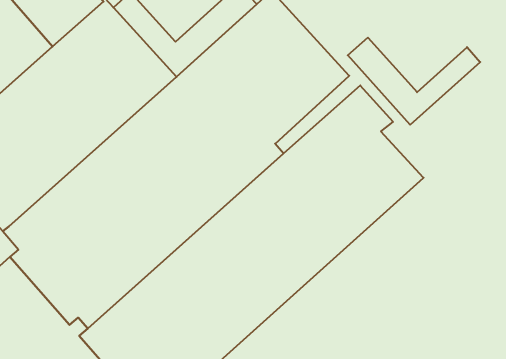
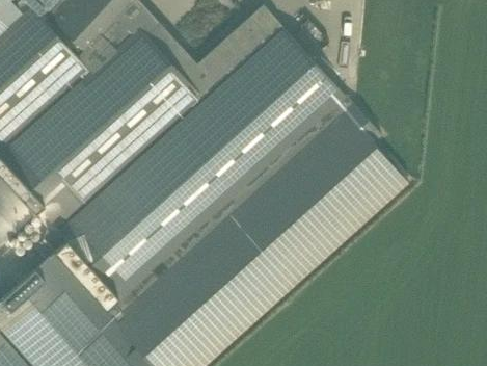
building: [348,38,480,125] -> none

